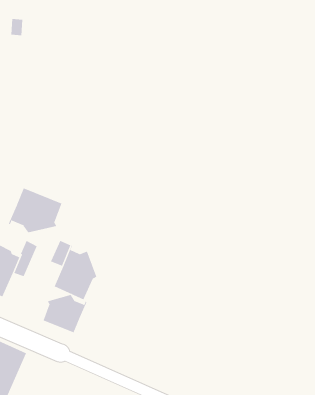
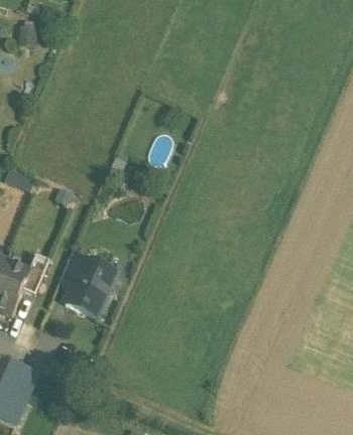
building: [8,188,62,233] -> none
building: [43,294,87,333] -> none

